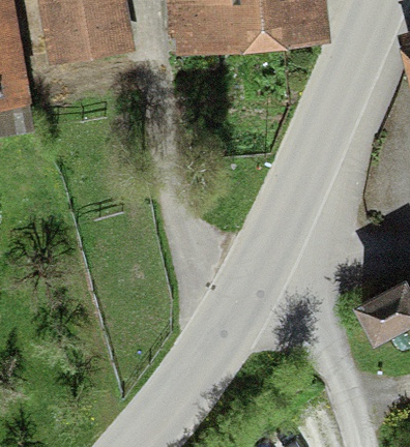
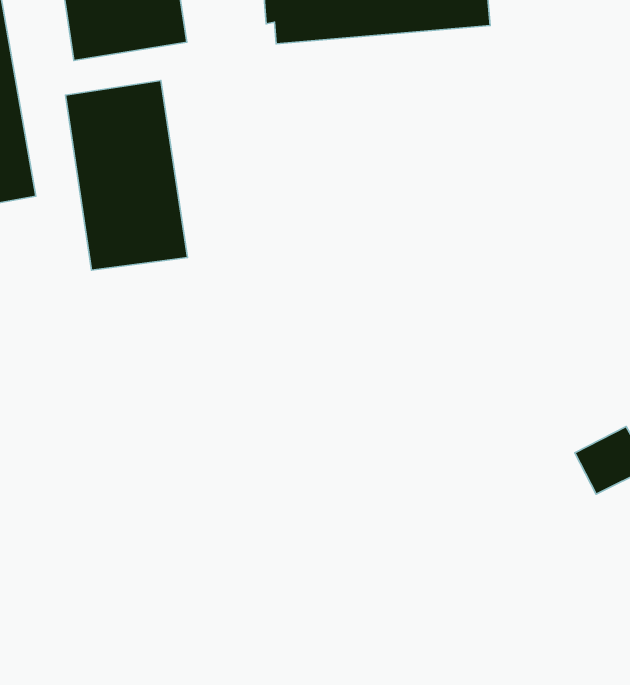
building: none -> [66,80,188,270]

